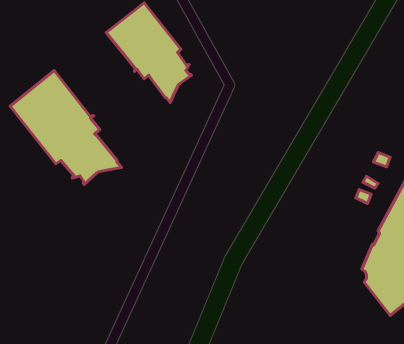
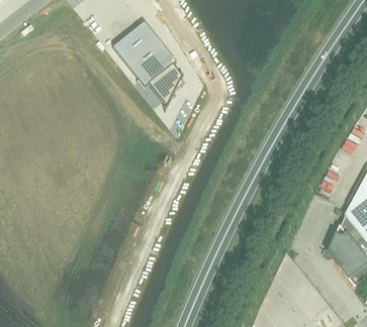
building: [10,70,122,184] -> none

